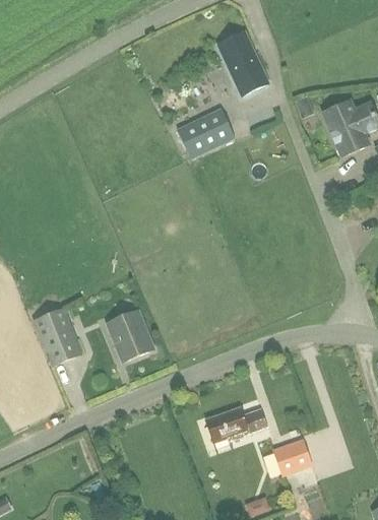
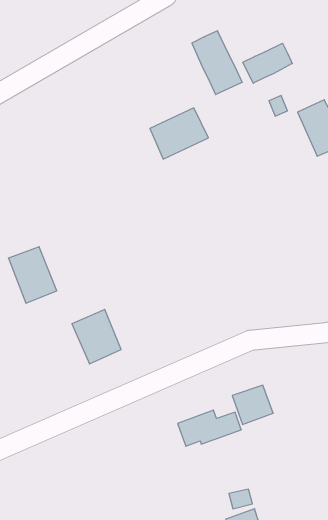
building: none -> [243,43,292,83]
building: [35,312,82,368] -> [8,247,57,303]
building: [273,438,314,476] -> [232,385,273,424]

